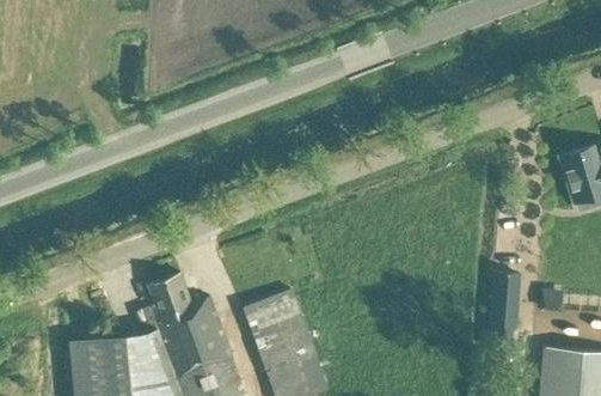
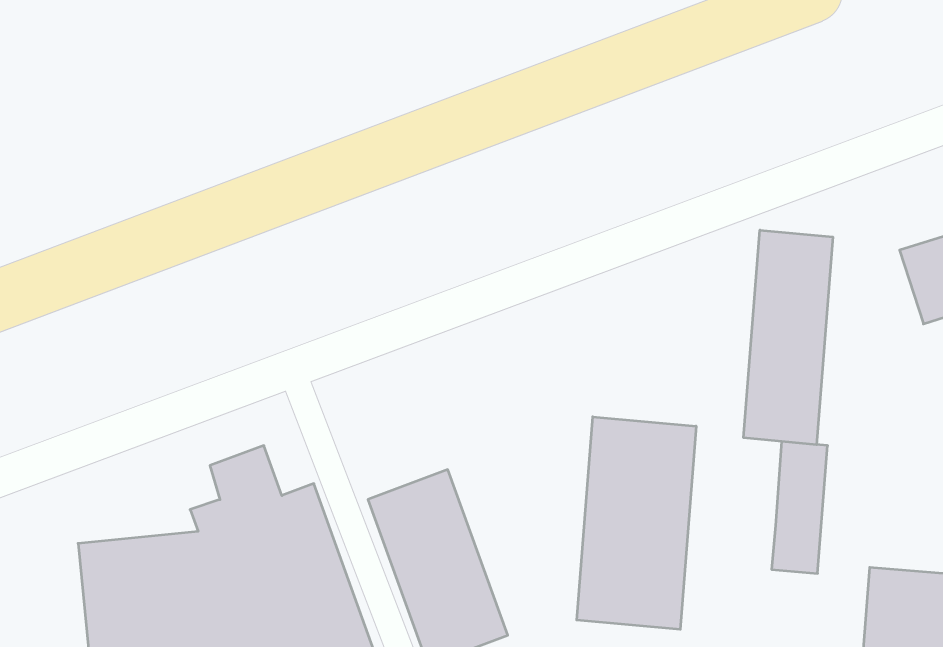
building: none -> [744,230,833,445]
building: none -> [577,417,696,629]

